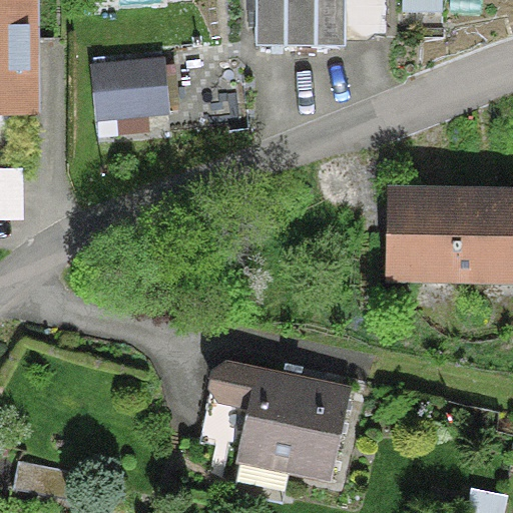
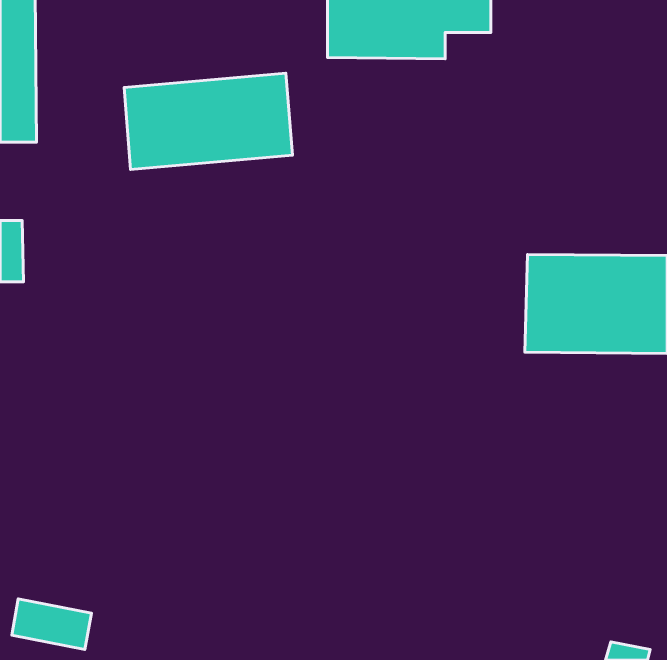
building: [208,363,346,477] -> none

